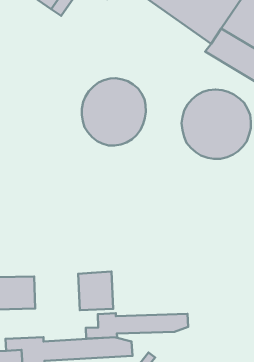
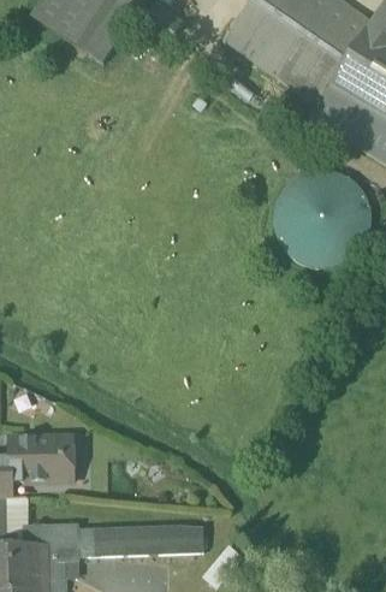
building: [82,78,146,145] -> none
building: [78,272,113,310] -> none
building: [86,313,188,339] -> none

